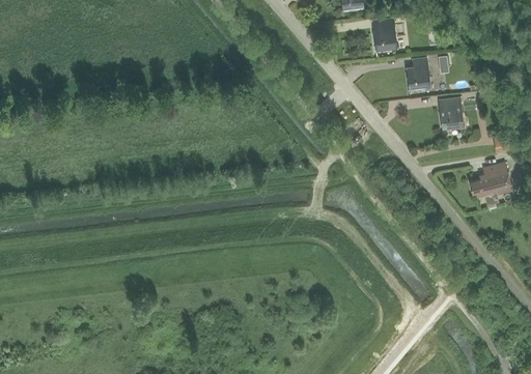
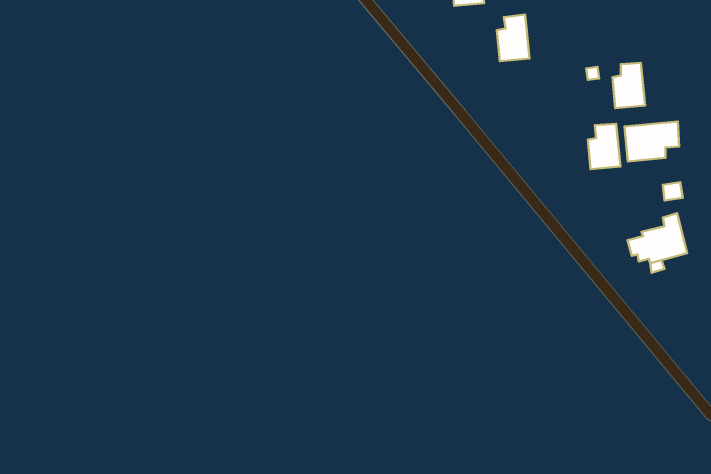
building: [406,57,429,90] -> [612,63,645,108]
building: none -> [624,121,679,162]

